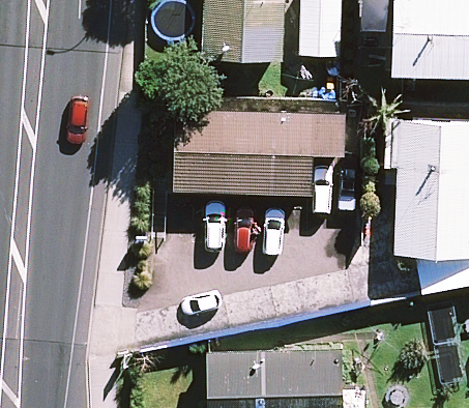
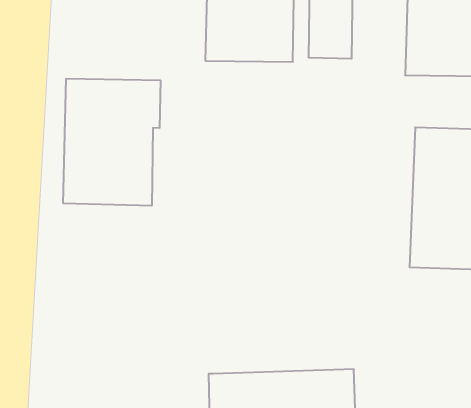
building: none -> [63,79,160,206]
building: [176,110,346,197] -> none

